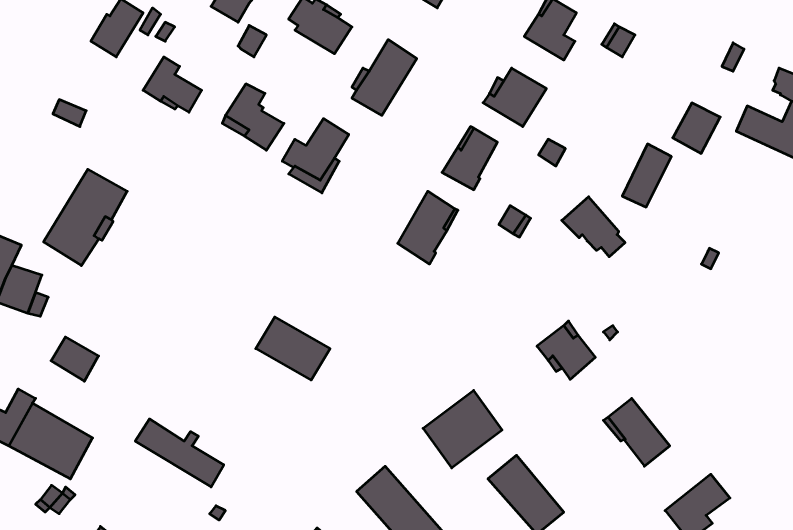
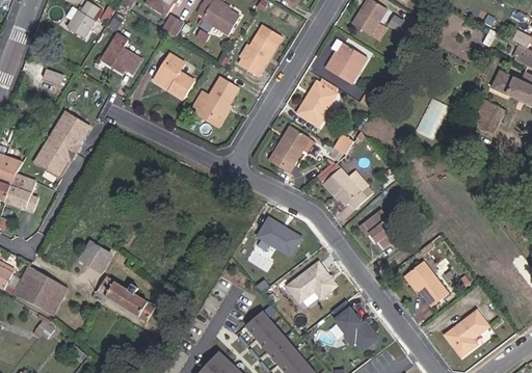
building: [673,103,720,153] -> [473,101,504,134]
building: [562,197,625,257] -> [323,170,365,210]
building: [256,317,330,380] -> [255,214,303,256]
building: [51,337,99,381] -> [80,243,111,272]

